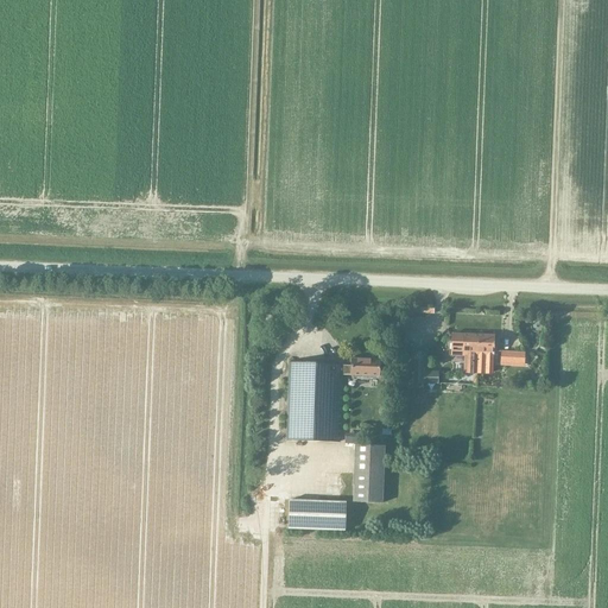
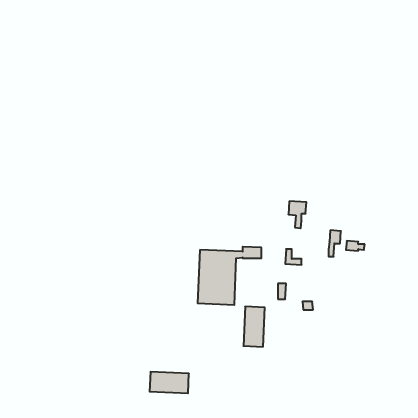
building: [452,332,479,372] -> [288,201,306,228]
building: [289,499,346,530] -> [150,372,189,393]

